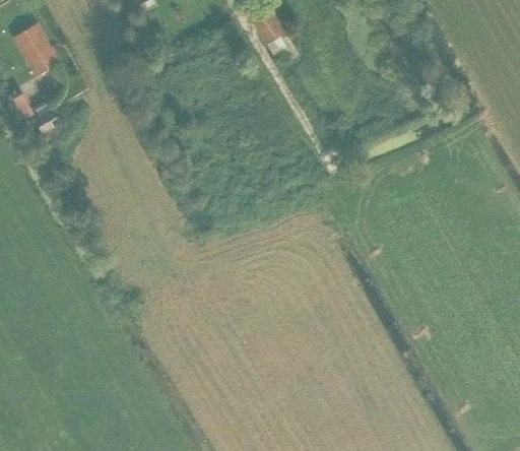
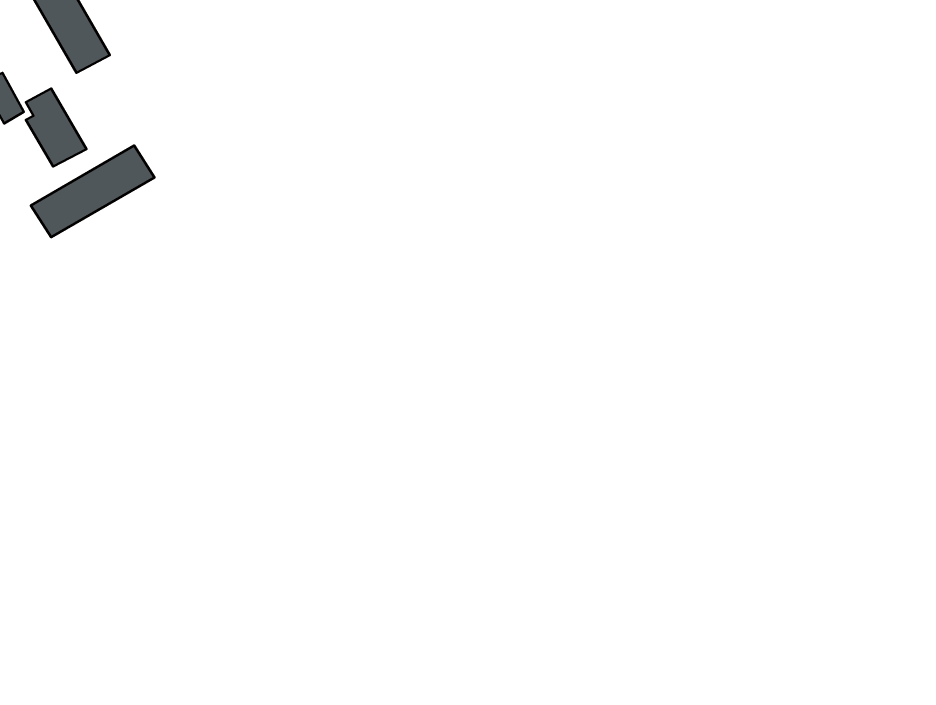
building: none -> [31,146,154,237]

